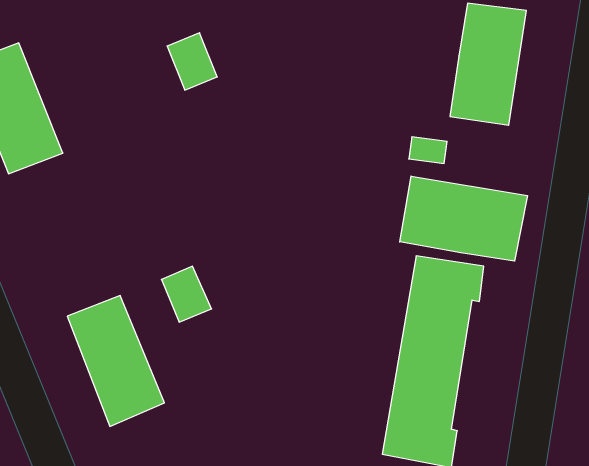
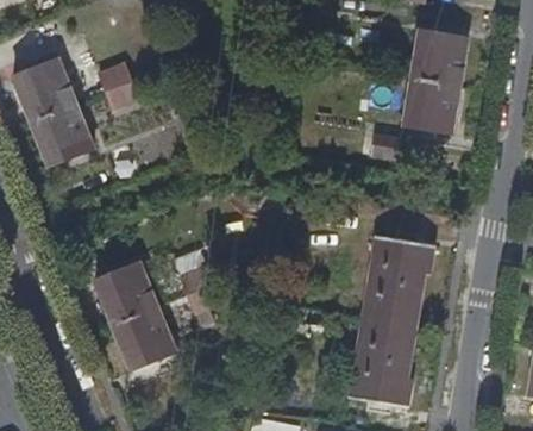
building: [167,33,217,90] -> [99,64,139,111]
building: [400,176,527,261] -> none

